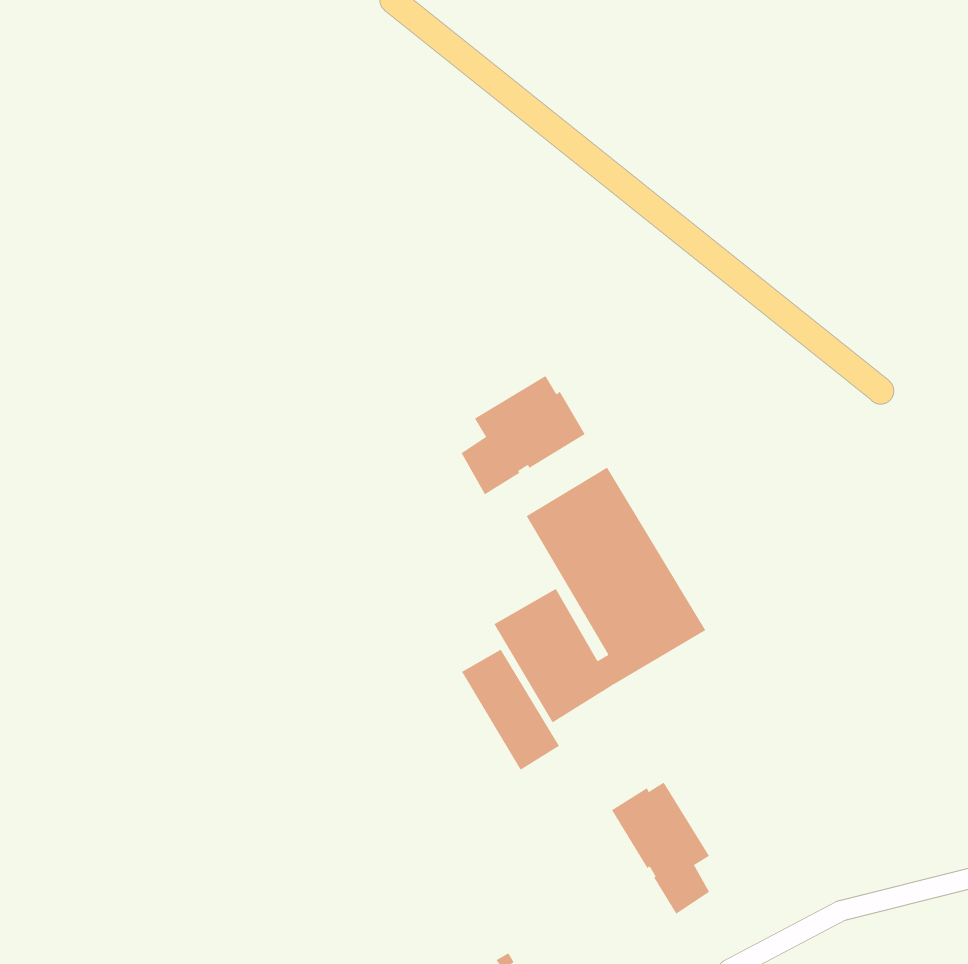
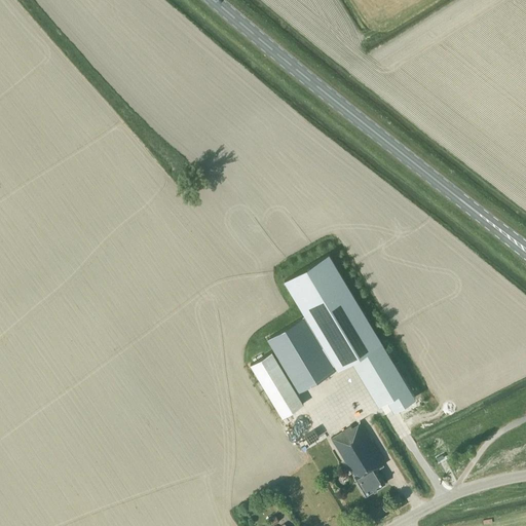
building: [461,375,586,495] -> none
building: none -> [352,344,416,412]

